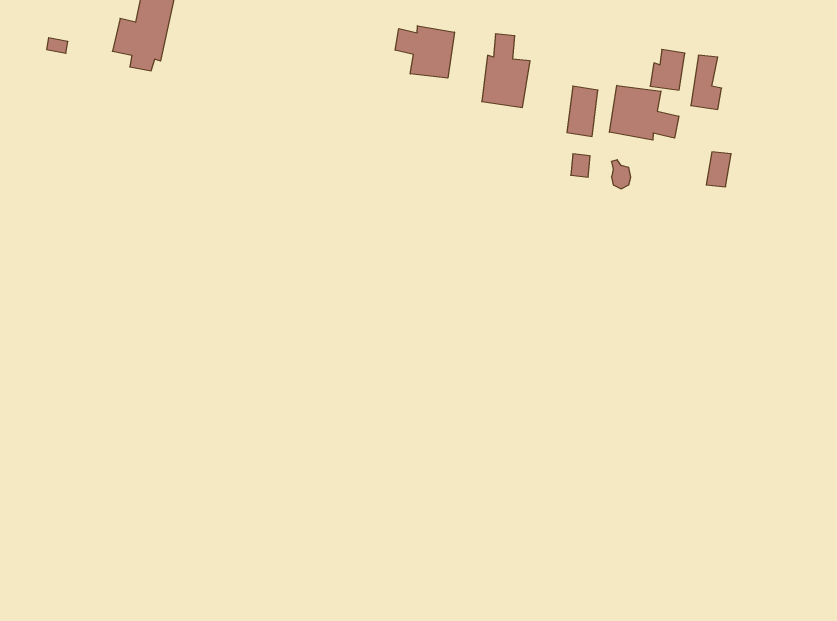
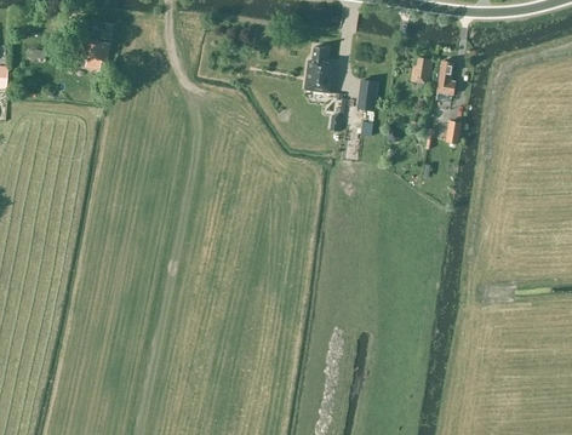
building: [395,26,454,78] -> none
building: [609,85,679,140] -> none

